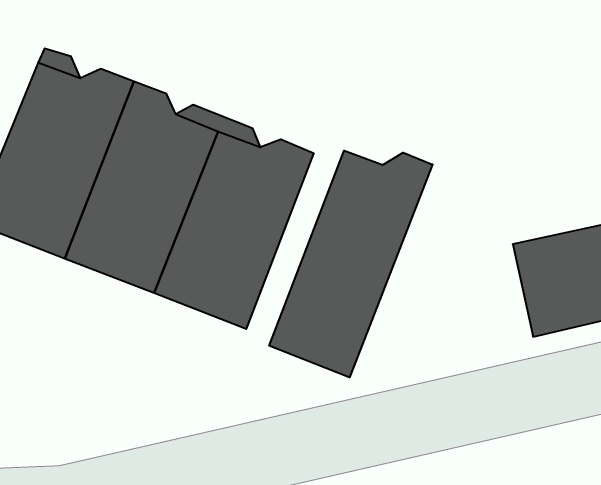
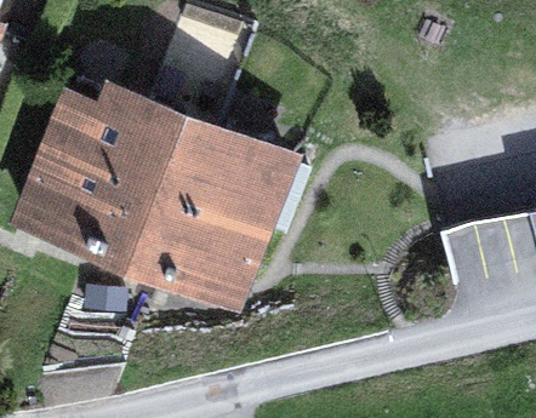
building: [269,151,433,377] -> none

